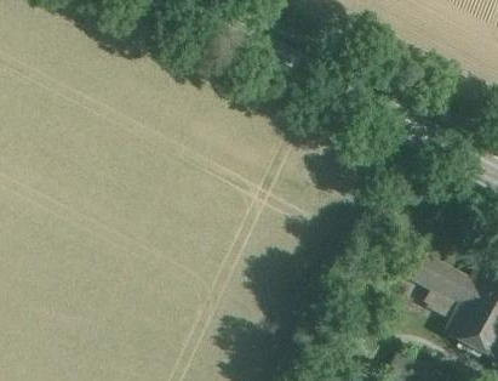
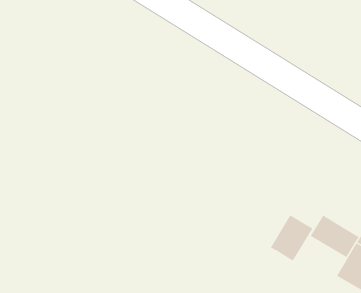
building: none -> [270,214,313,261]

